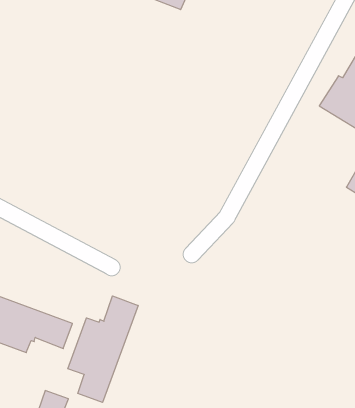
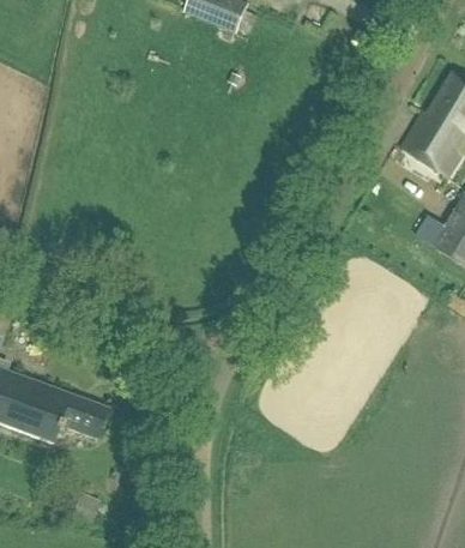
building: [68,296,138,402] -> none

